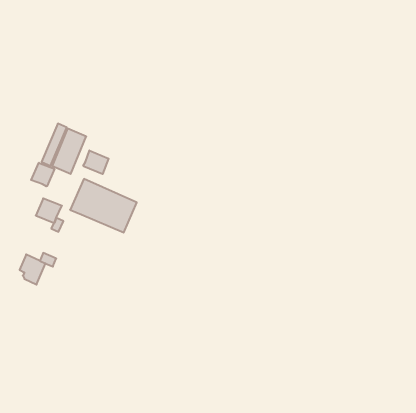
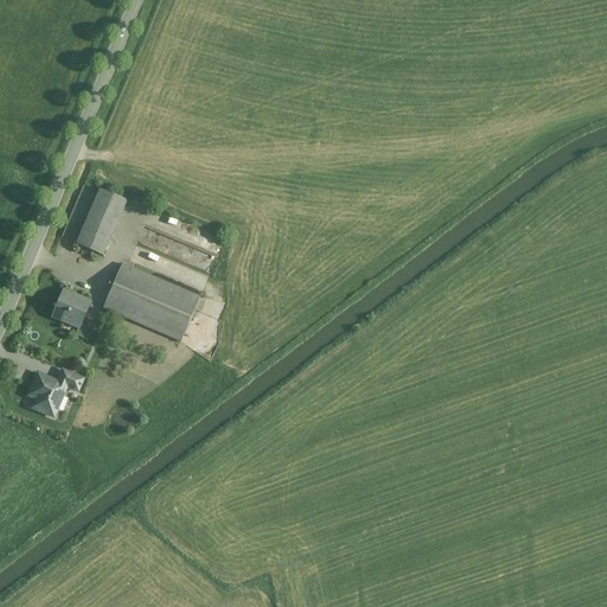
building: [83,150,109,174] -> none
building: [31,163,54,186] -> none

